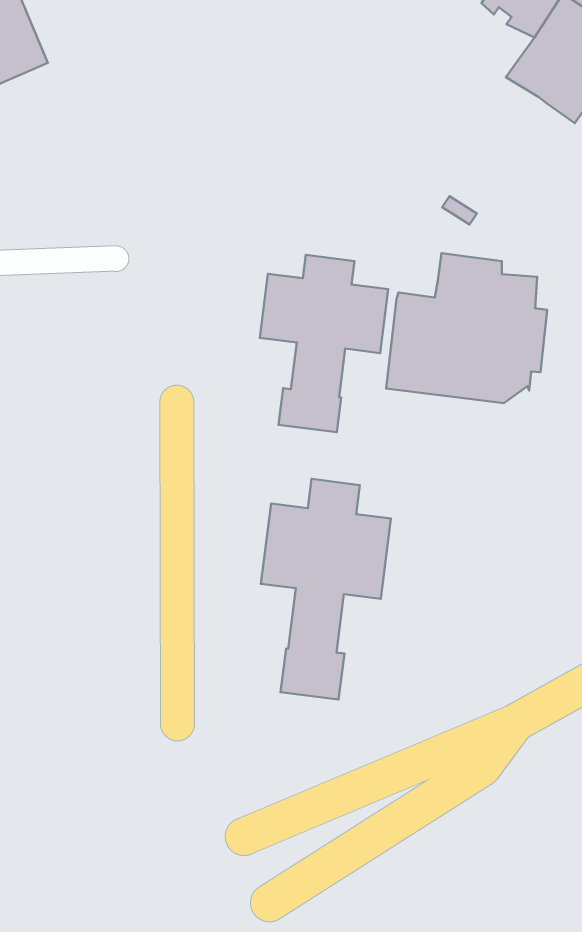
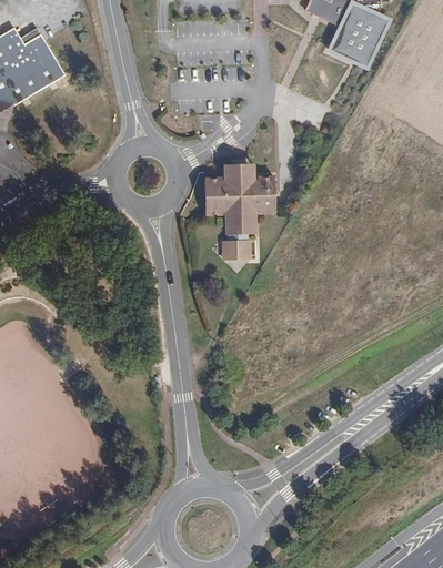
building: [386,253,547,403] -> none
building: [261,479,391,700] -> none

